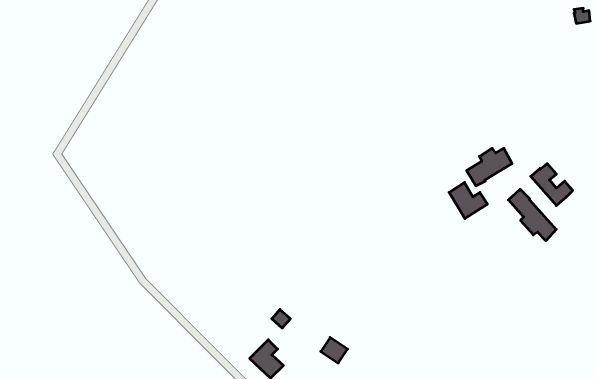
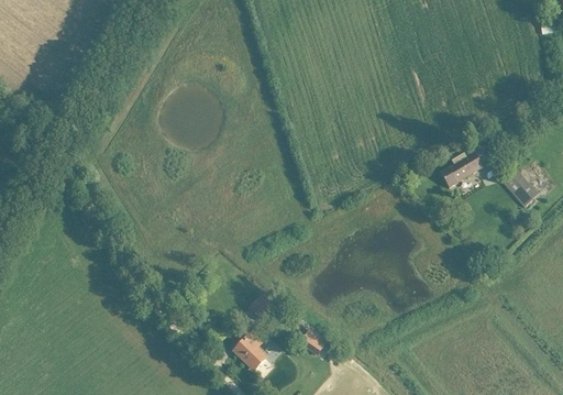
building: [449,182,487,219] -> none
building: [508,189,556,241] -> none

